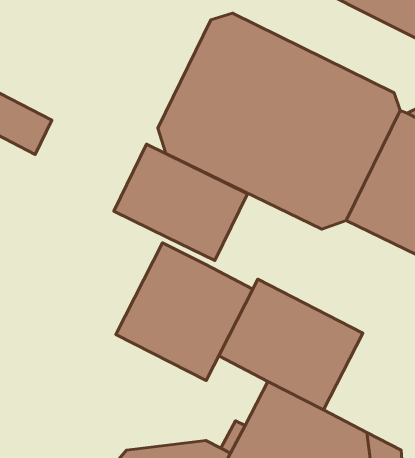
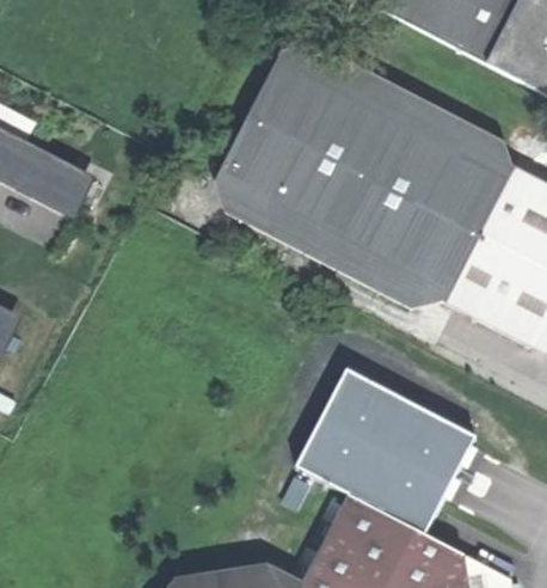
building: [114,144,248,261] -> none
building: [116,243,253,381] -> none

